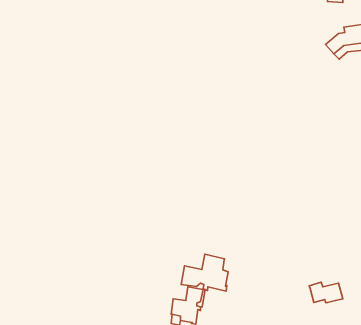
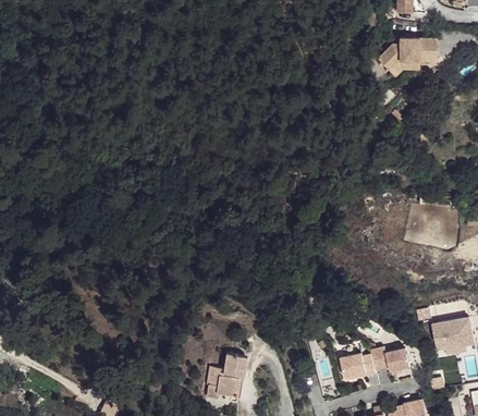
building: [181,254,228,291] -> none
building: none -> [340,352,376,377]

